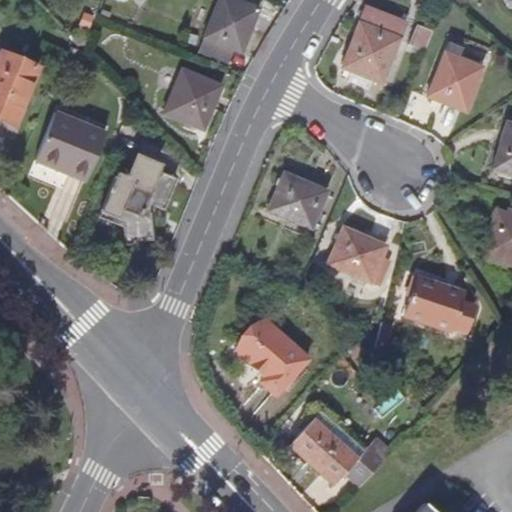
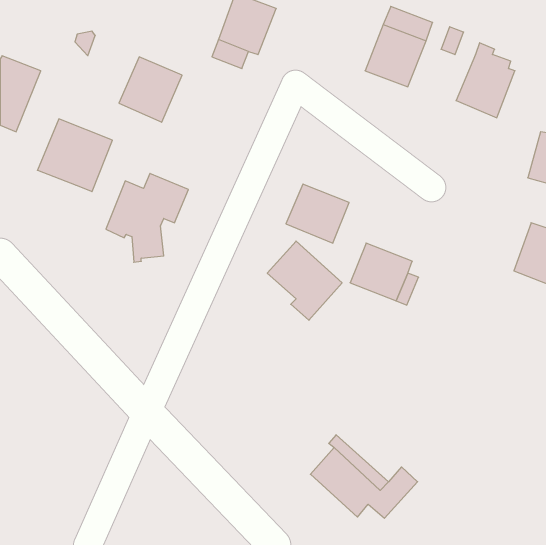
building: [164,68,223,129] -> [119,57,182,122]
building: [406,277,473,331] -> none
building: [237,319,307,393] -> [267,241,342,320]

